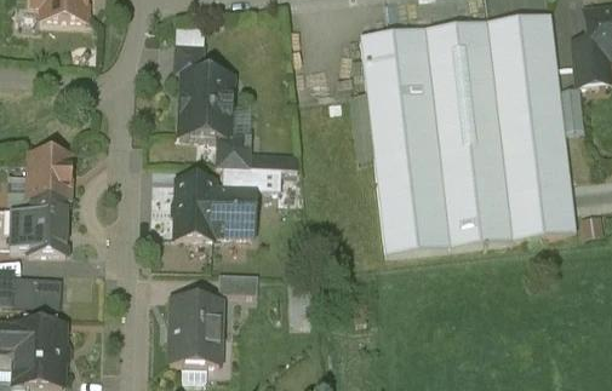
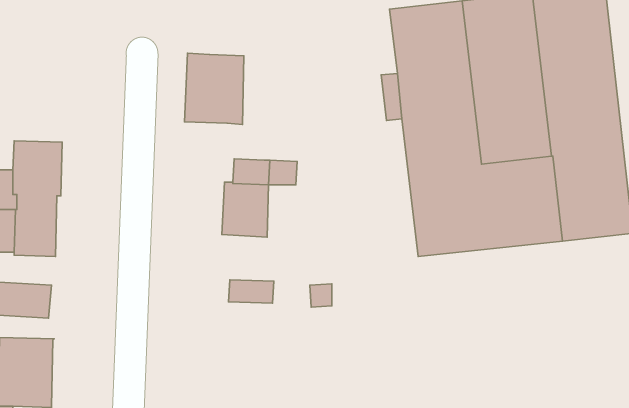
building: [172,47,202,75] -> none
building: [216,136,251,168] -> none
building: [175,179,215,238] -> none
building: [170,298,221,366] -> none

